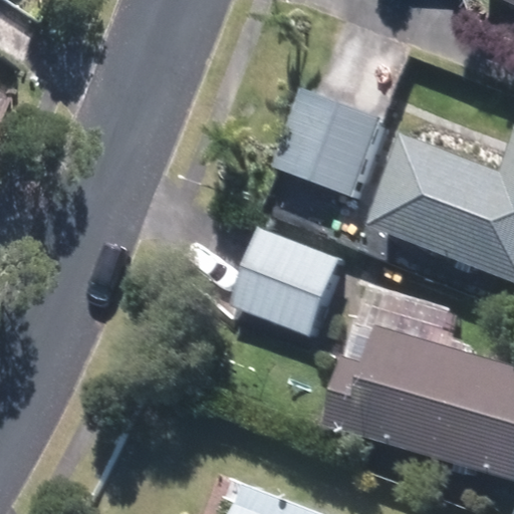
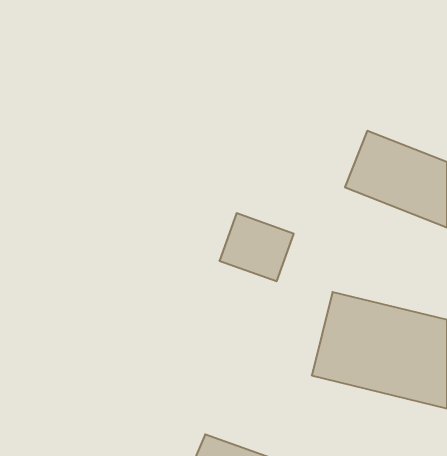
building: [269,87,388,214] -> none

